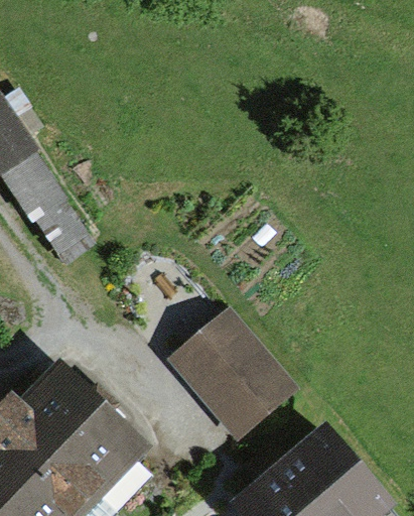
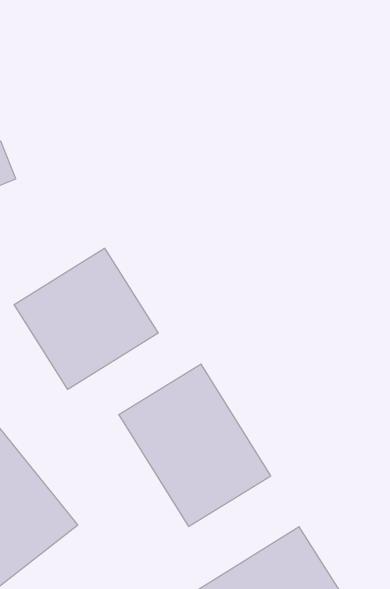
building: none -> [14,248,158,389]

